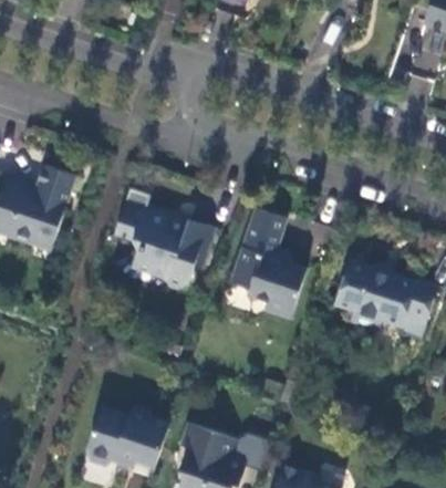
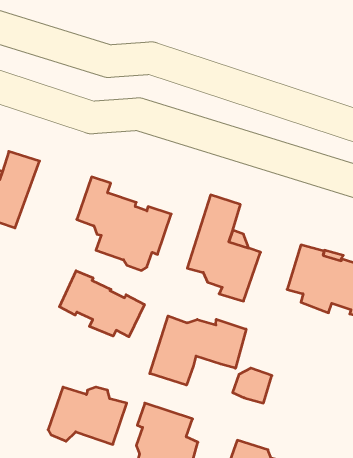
building: none -> [59,271,144,337]
building: none -> [150,316,246,385]
building: [229,435,270,471] -> [233,368,272,403]

